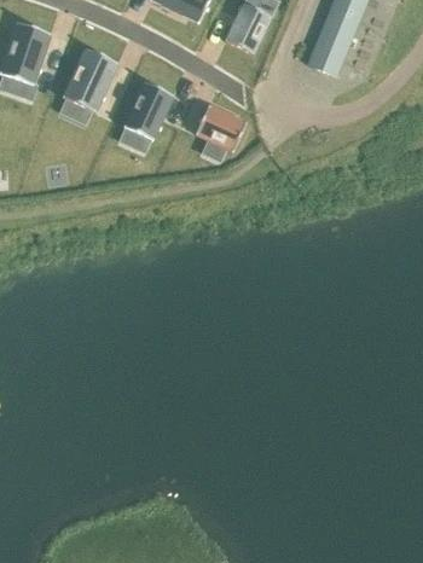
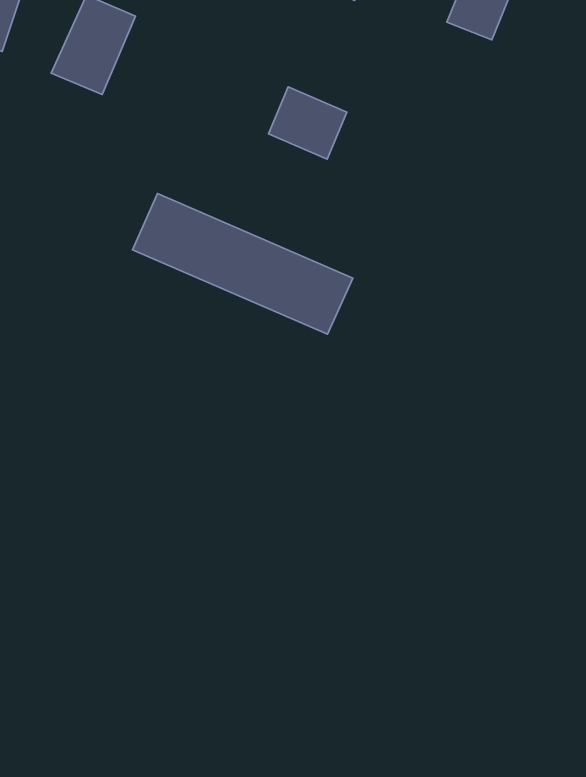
building: [126,82,172,138] -> none
building: none -> [133,194,353,334]

